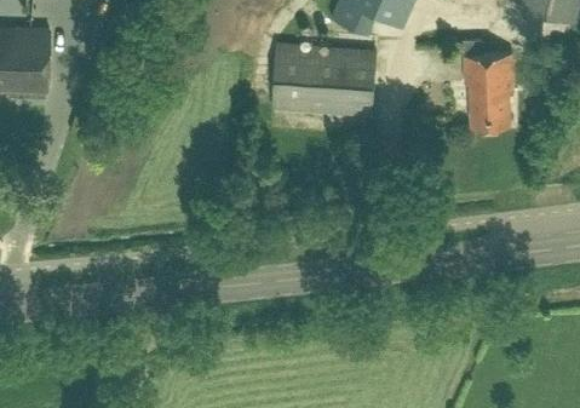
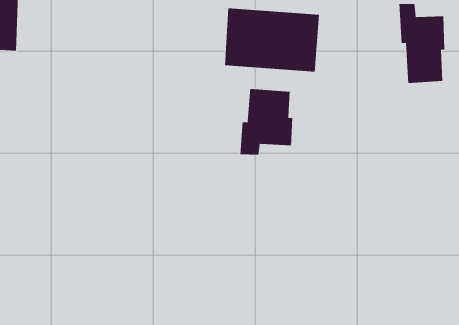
building: none -> [240,88,293,156]

